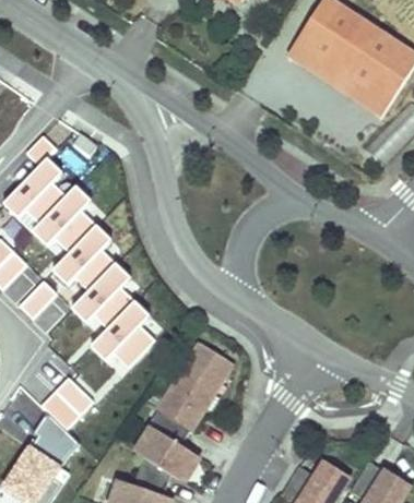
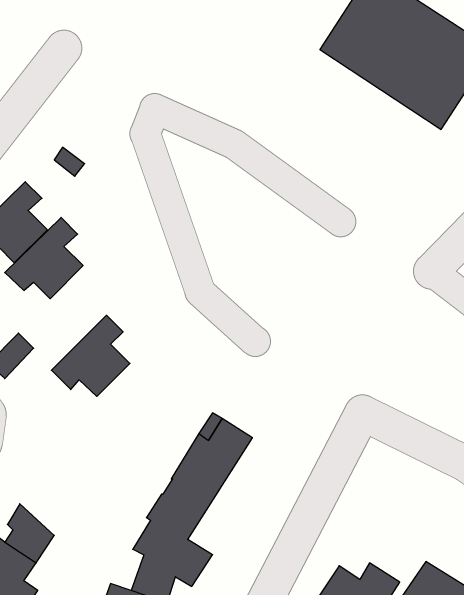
building: [54,227,115,291] -> none
building: [91,304,153,370] -> none
building: [44,375,93,424] -> none

